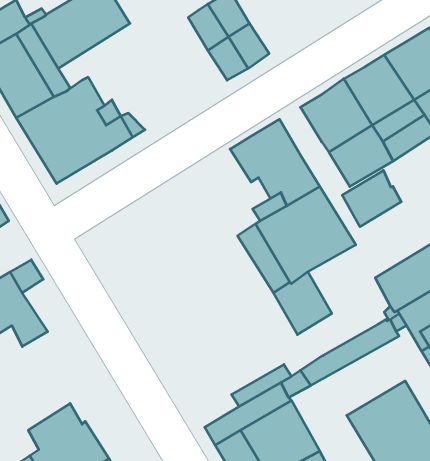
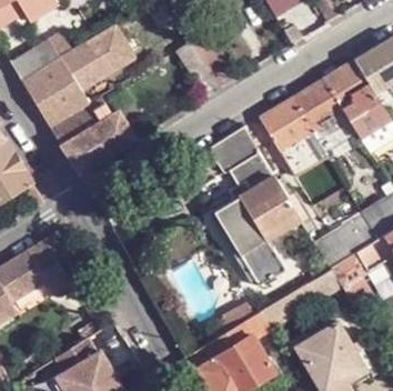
building: [342,170,401,227] -> none

